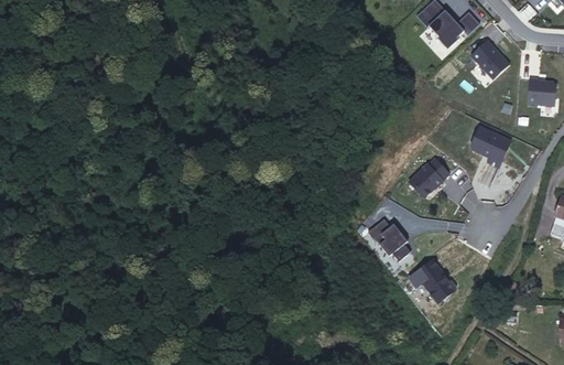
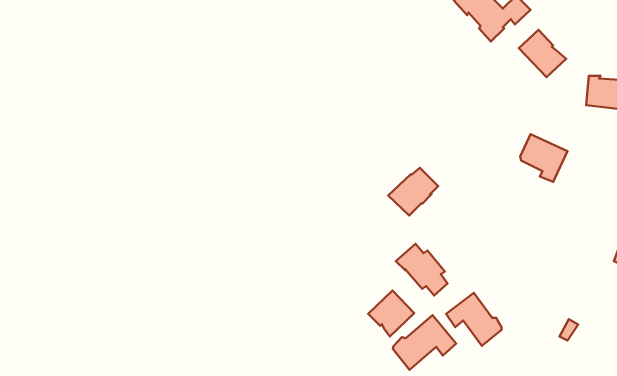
building: [409,158,451,197] -> [388,168,438,215]
building: none -> [368,290,414,337]
building: none -> [393,315,456,370]

